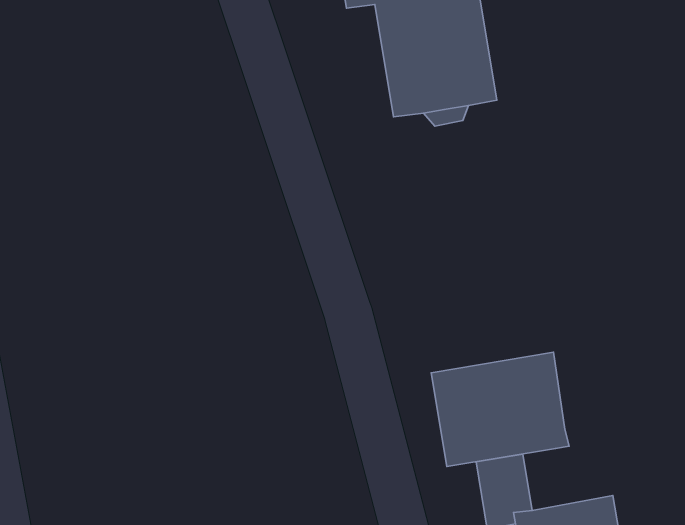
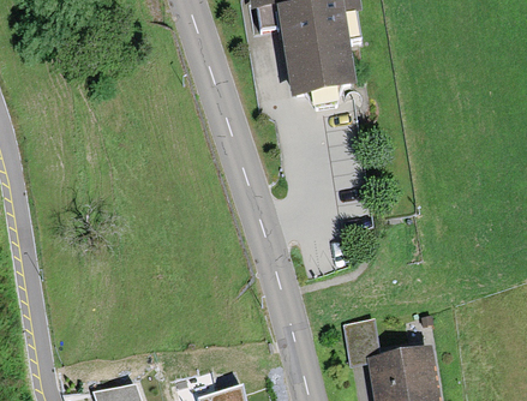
building: [431,352,569,467] -> none

